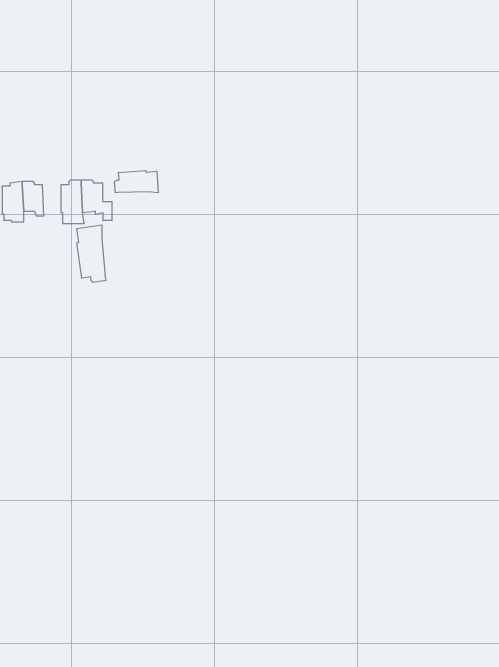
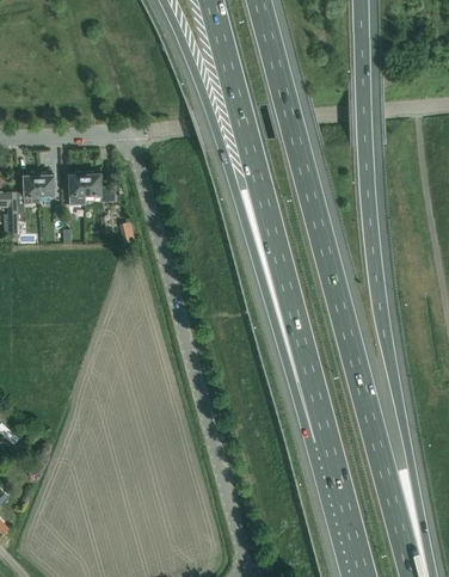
building: [115,170,158,193] -> none
building: [77,225,106,282] -> none

